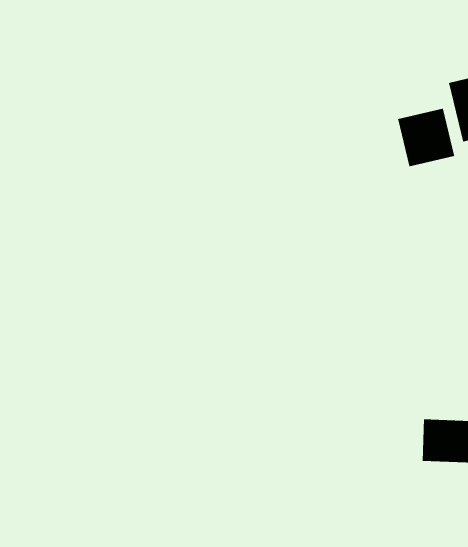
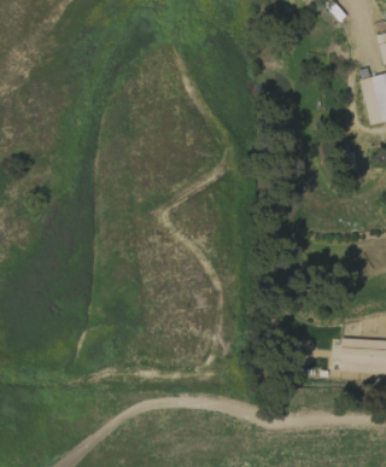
building: [397,108,455,167] -> none

